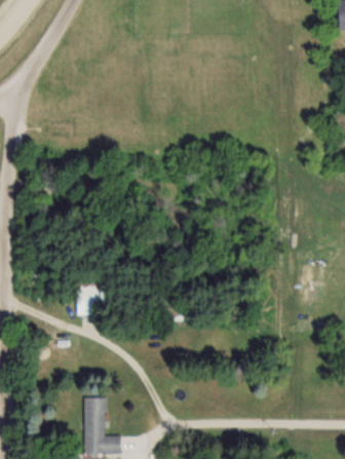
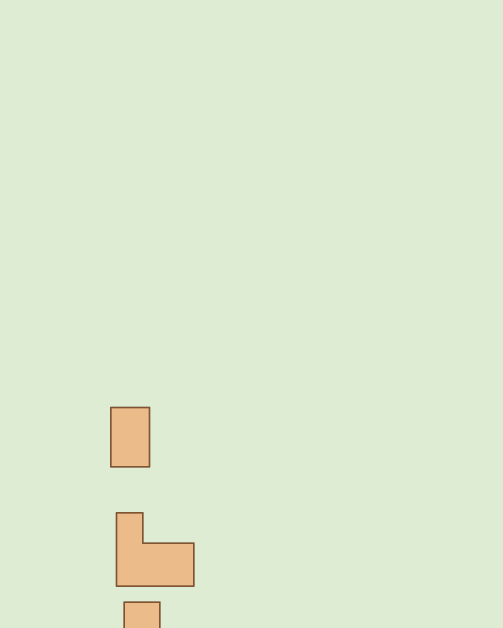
building: none -> [117,513,194,586]

